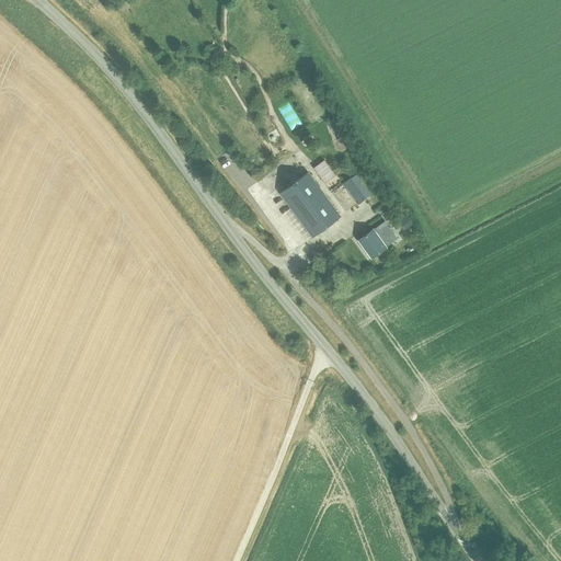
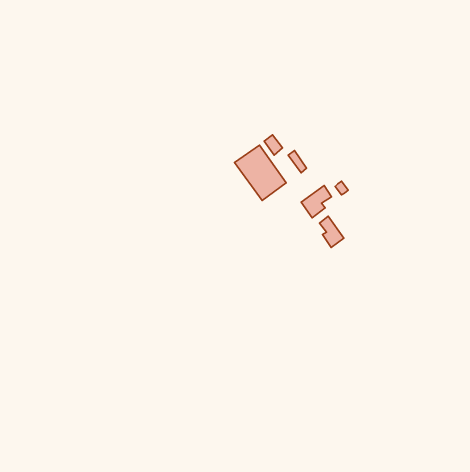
building: none -> [320,216,344,248]

